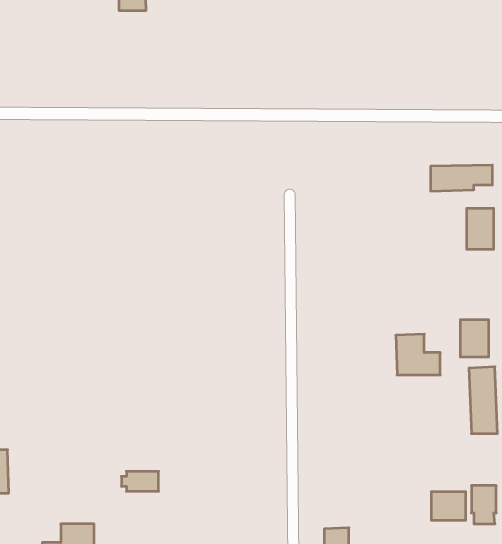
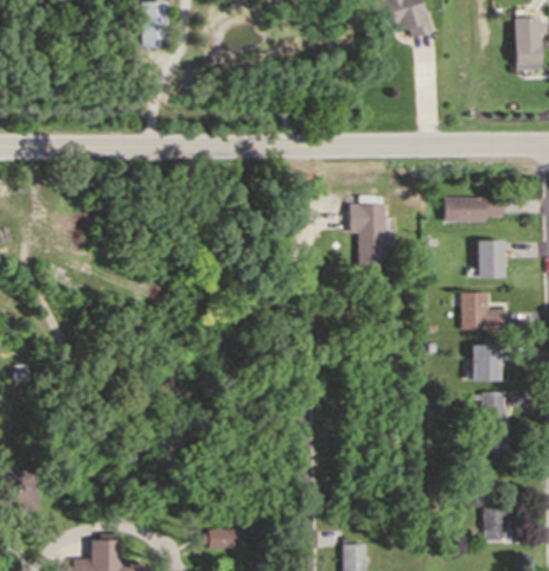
building: none -> [351,205,387,265]
building: [396,334,440,375] -> [460,291,503,331]
building: [121,471,159,491] -> [202,528,237,547]
building: [431,492,466,520] -> none

